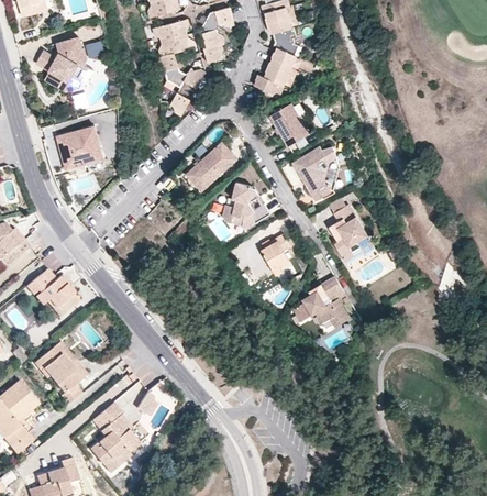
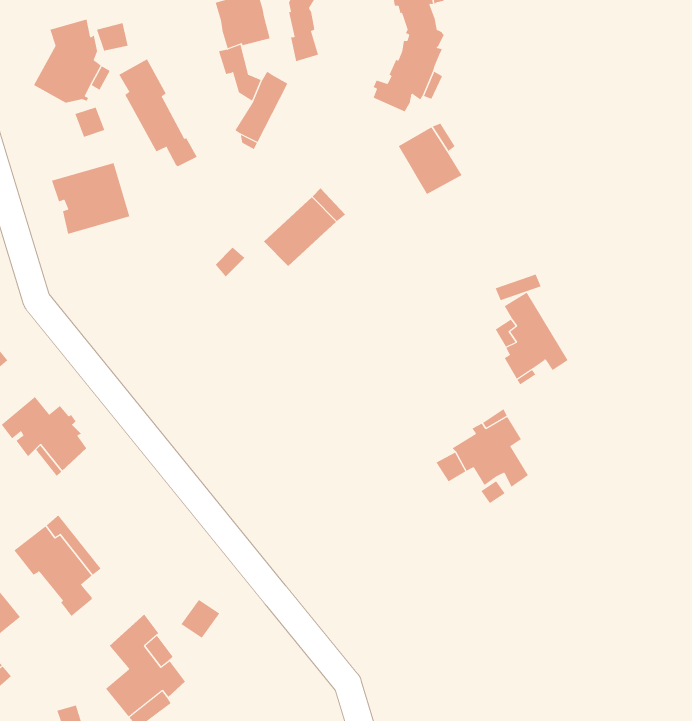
building: none -> [119,59,198,167]
building: [291,144,336,200] -> none
building: [221,183,269,229] -> none
building: [259,233,290,275] -> none

